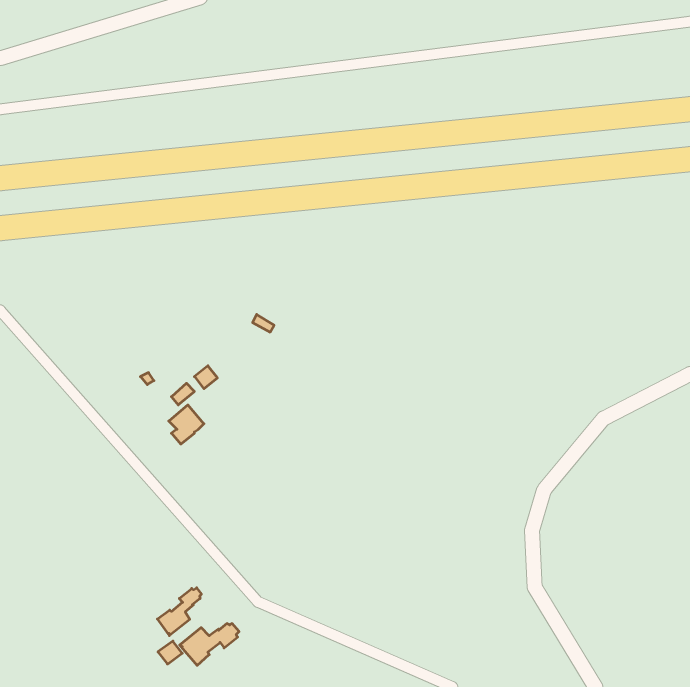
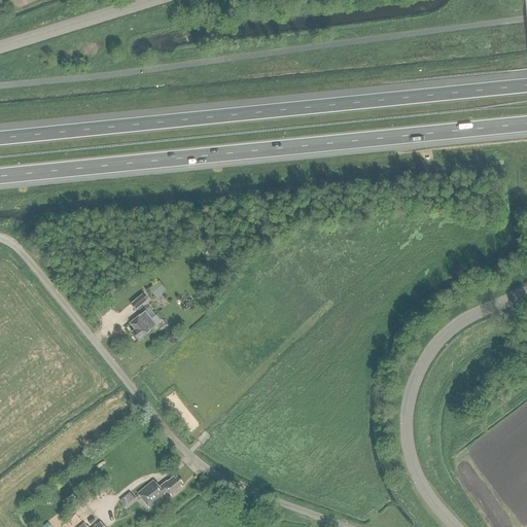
building: [157,588,201,636] -> none

